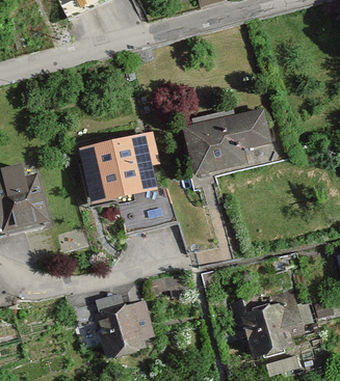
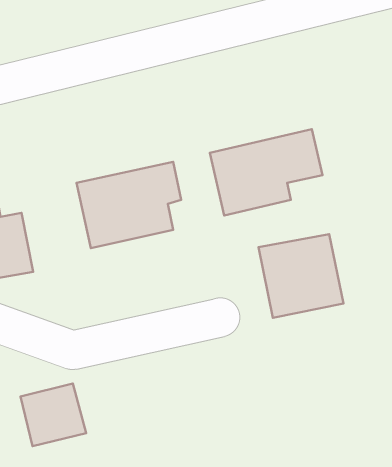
building: [238,294,306,360] -> [259,234,344,318]
building: [95,302,147,352] -> [21,384,86,446]

